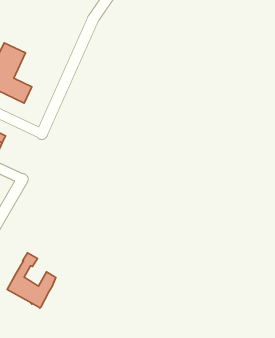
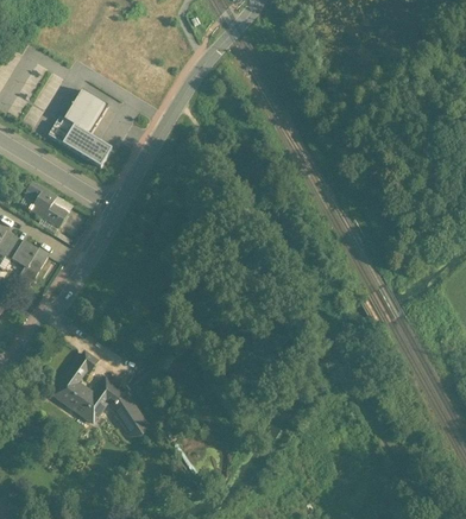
building: none -> [109,386,147,436]

